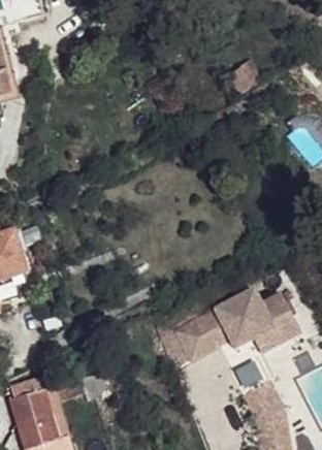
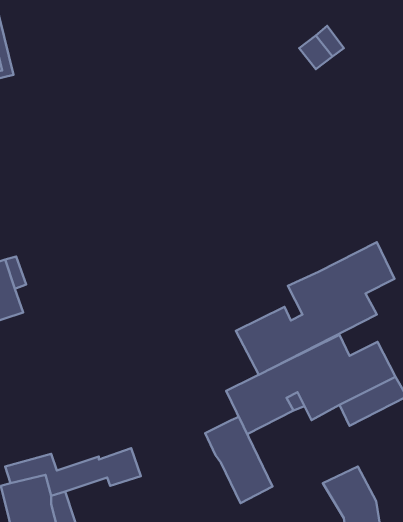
building: none -> [236,242,395,375]
building: none -> [205,417,273,503]

